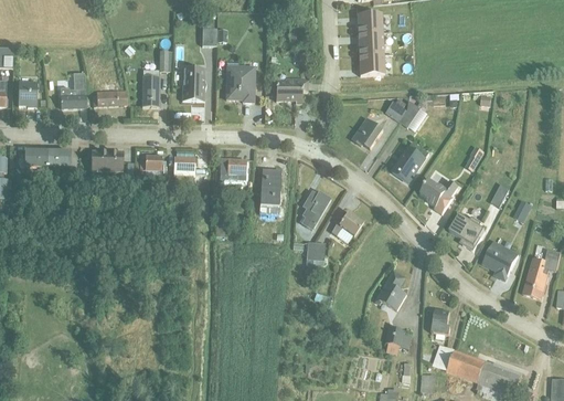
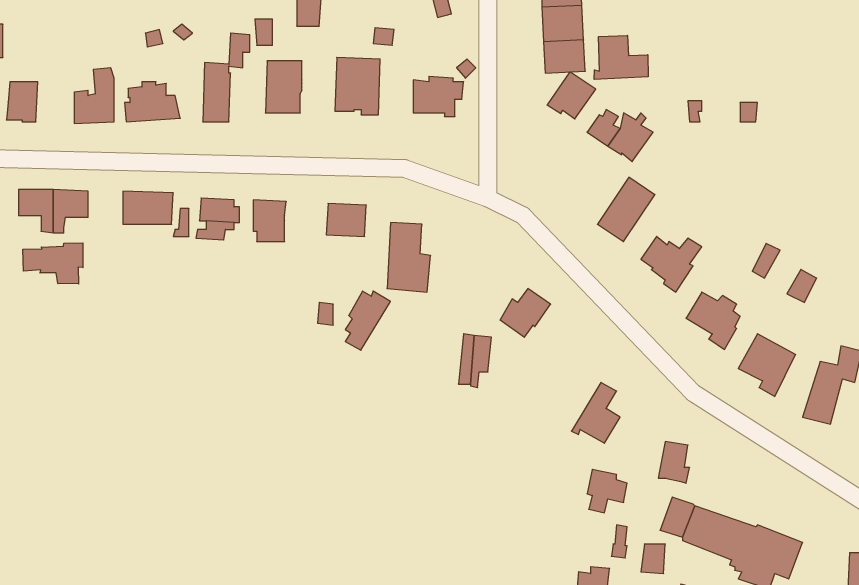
building: none -> [594,35,648,79]
building: [352,117,383,147] -> [547,72,596,119]
building: none -> [23,243,83,284]
building: [300,190,329,228] -> [345,291,390,350]

